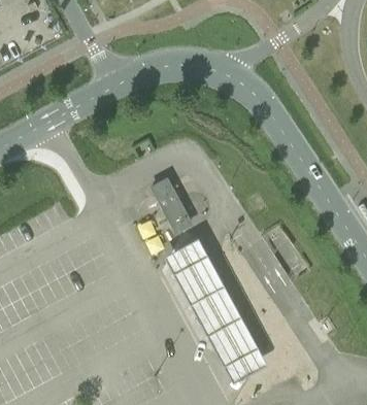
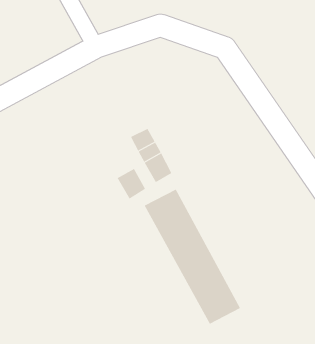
building: none -> [117,168,146,199]

